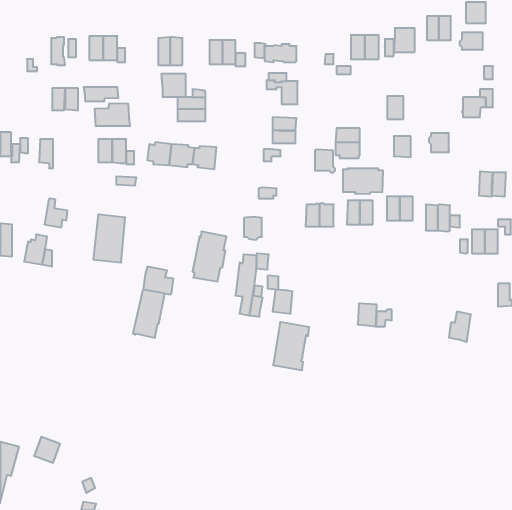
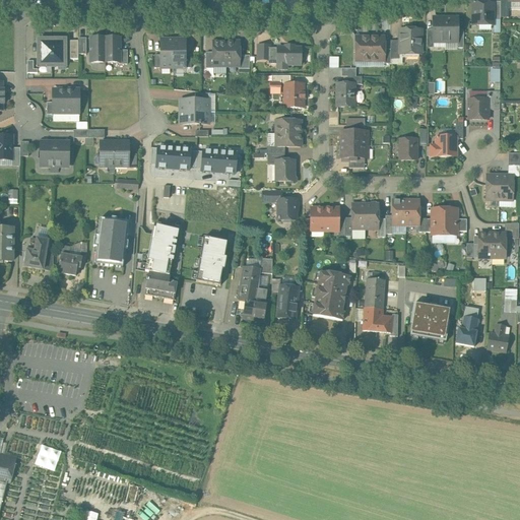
building: [460,32,483,50] -> none
building: none -> [38,38,52,66]
building: [162,74,185,97] -> none
building: [84,87,118,102] -> none
building: [387,96,403,119] -> [337,82,353,106]
building: [95,103,130,126] -> none
building: none -> [54,141,69,171]
building: none -> [217,149,237,173]
building: [315,150,335,173] -> [275,158,296,182]
building: [343,168,383,194] -> none
building: [44,198,67,227] -> [58,245,81,274]
building: [244,217,262,240] -> [277,198,296,221]
building: none -> [364,271,385,309]
building: [133,290,165,338] -> [146,225,179,274]
building: none -> [409,303,450,340]
building: none -> [486,323,507,350]
building: [273,322,309,370] -> [313,270,349,319]

